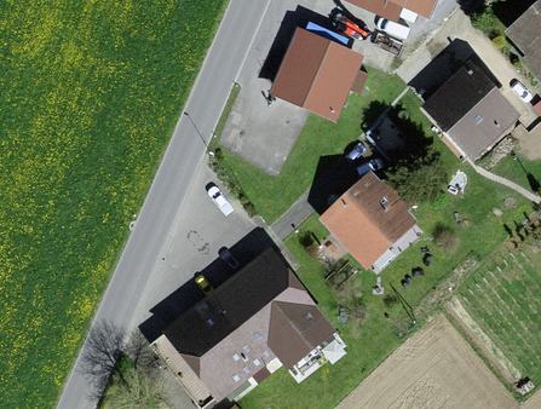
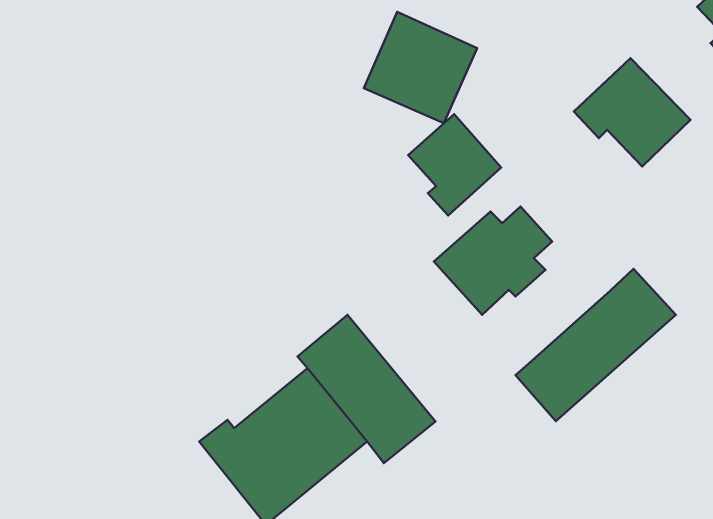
building: none -> [408,114,501,215]
building: none -> [516,269,676,421]

